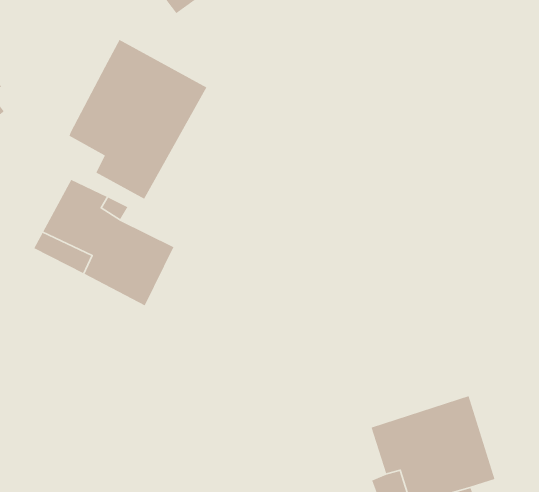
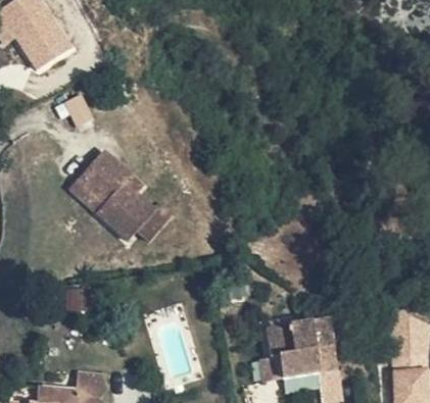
building: [68,39,208,200] -> none

